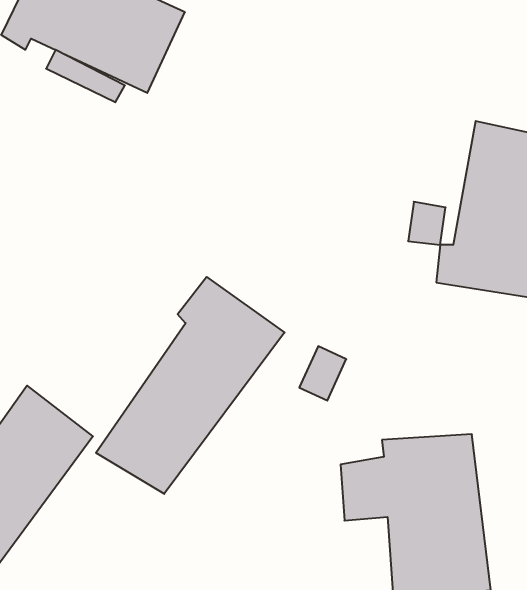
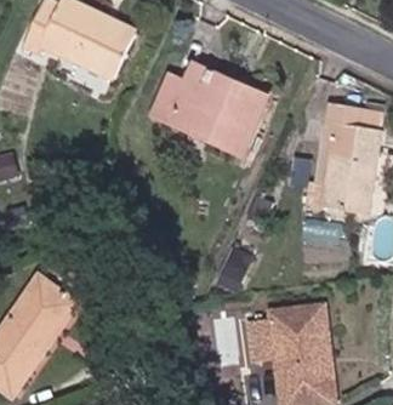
building: none -> [148,59,274,159]
building: [96,277,285,494] -> none

